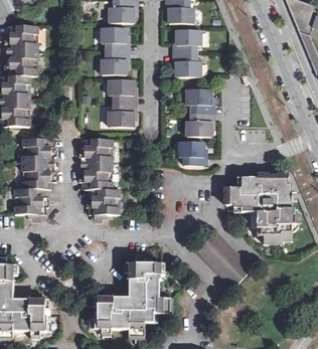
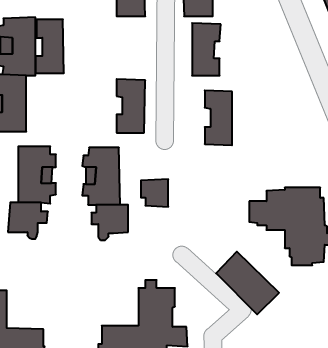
building: [101,27,126,74] -> [35,19,64,73]
building: [178,142,202,166] -> [141,179,168,207]

